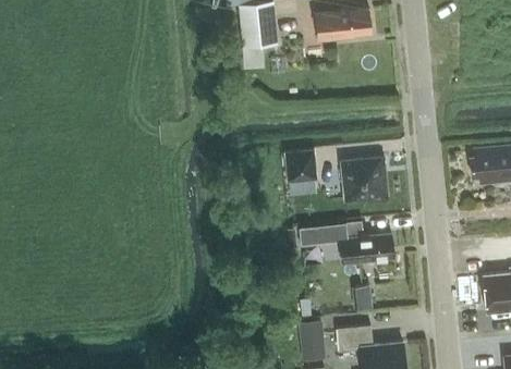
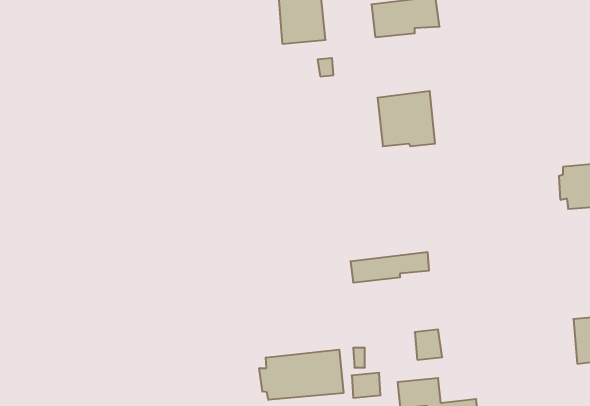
building: [285,149,318,182] -> none
building: [341,156,389,201] -> [377,91,435,146]
building: [339,232,396,263] -> none
building: none -> [259,350,343,400]

